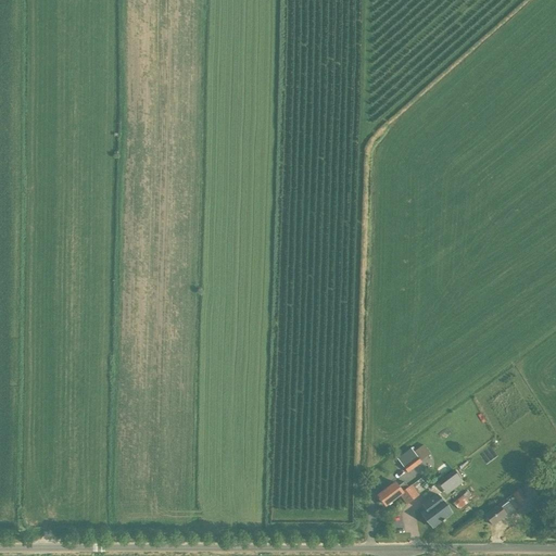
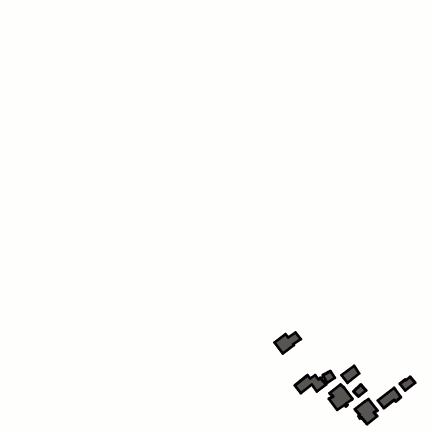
building: [396,444,430,471] -> [274,332,301,354]
building: none -> [355,399,378,424]

